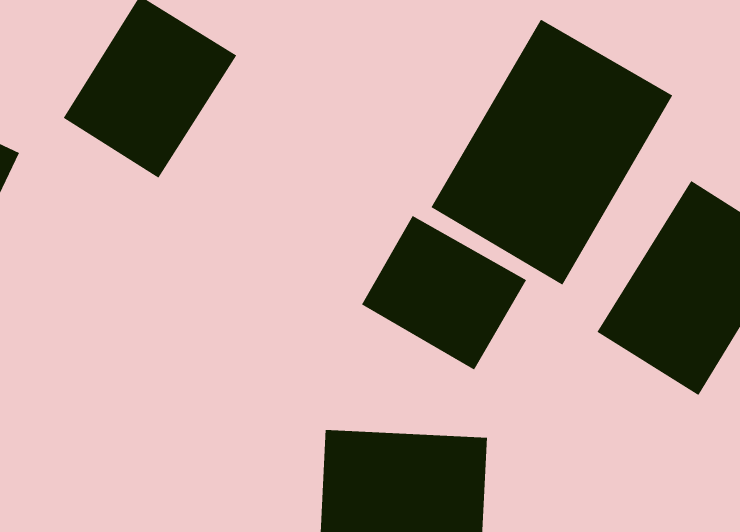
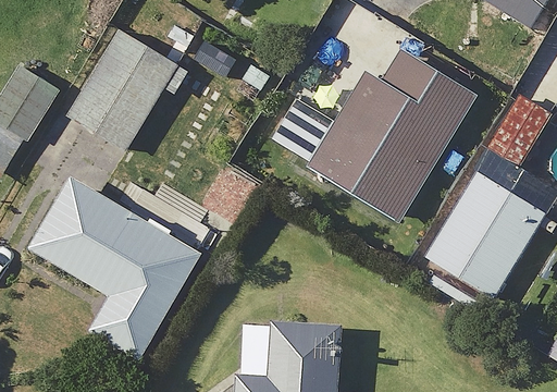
building: [361,215,527,370] -> none
building: none -> [32,181,203,362]

